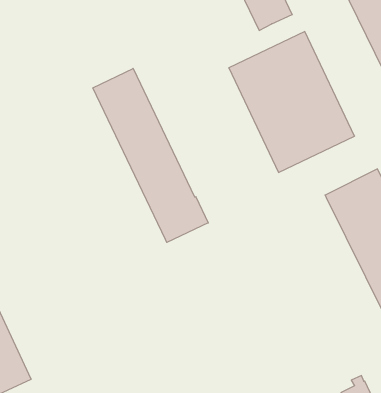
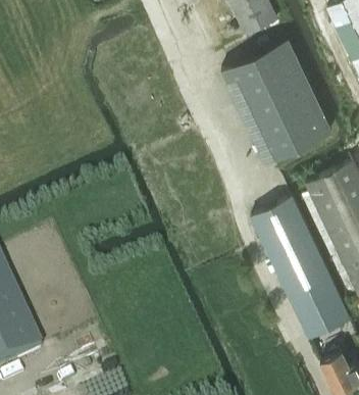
building: [93,68,208,242] -> none
building: none -> [251,199,350,340]

